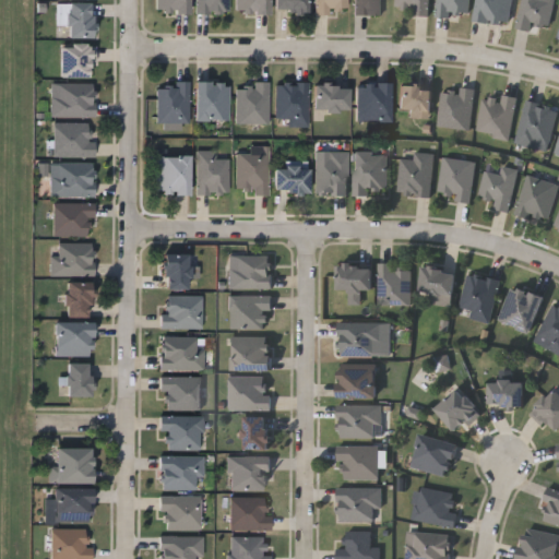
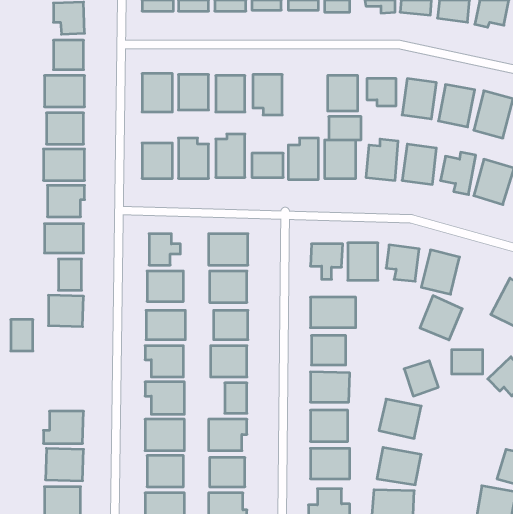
building: [314,85,349,110] -> [329,117,361,140]
building: [499,284,545,332] -> [420,296,462,340]
building: [67,362,91,396] -> [11,320,33,351]

